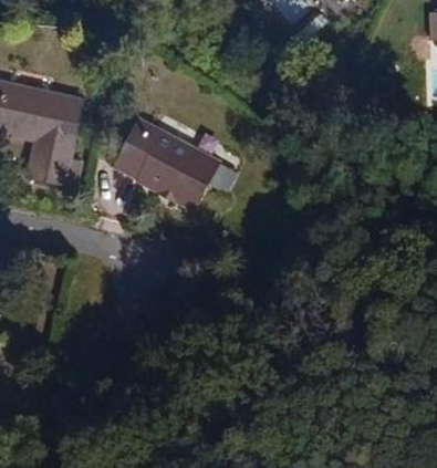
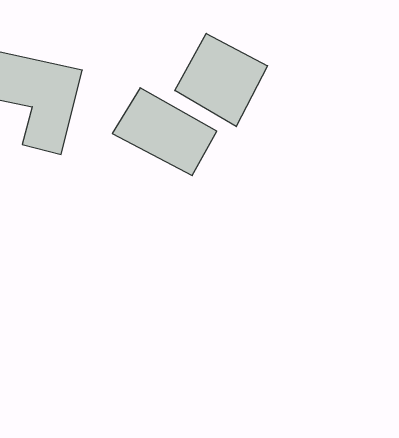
building: none -> [175,33,268,127]

